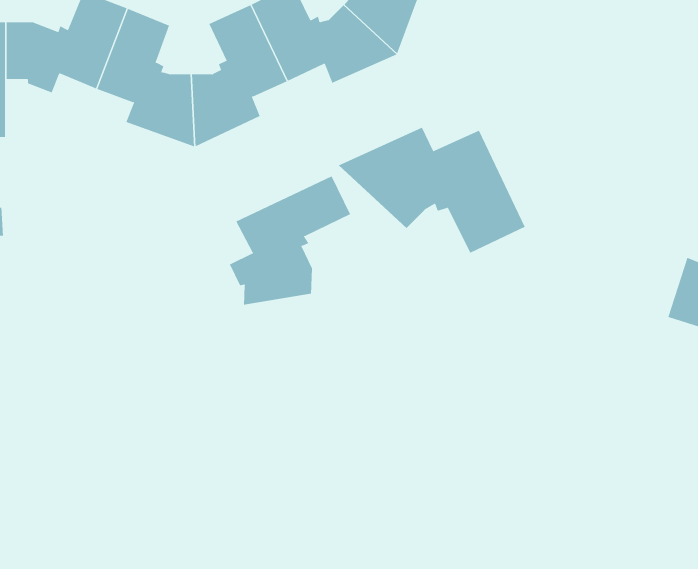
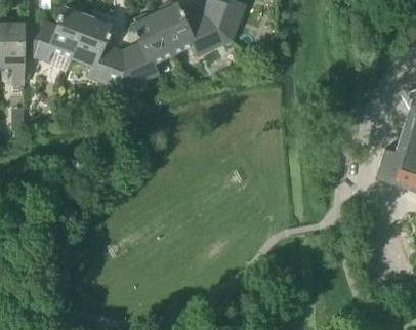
building: [338,127,525,253] -> none
building: [229,176,351,305] -> none

